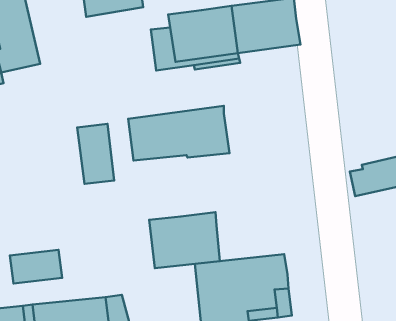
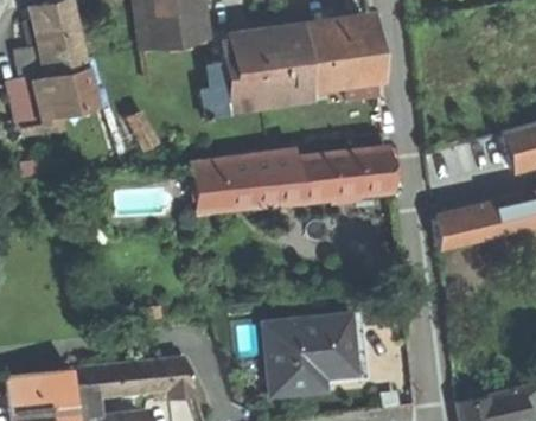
building: none -> [295,147,391,200]
building: [77,124,114,184] -> none
building: [149,212,220,268] -> none
building: [10,250,62,283] -> none

